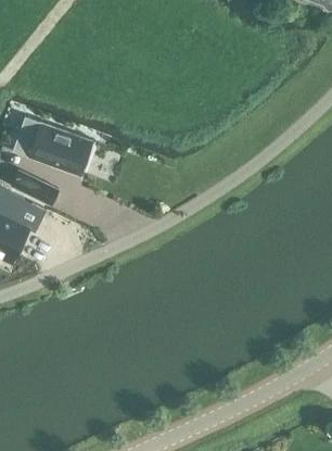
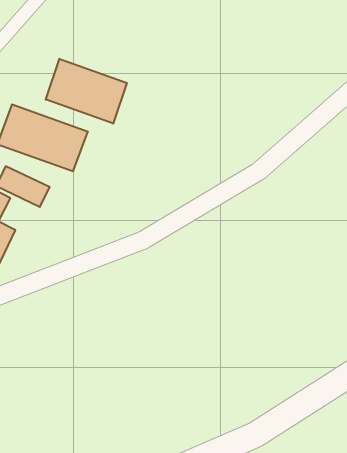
building: none -> [46,59,127,124]

